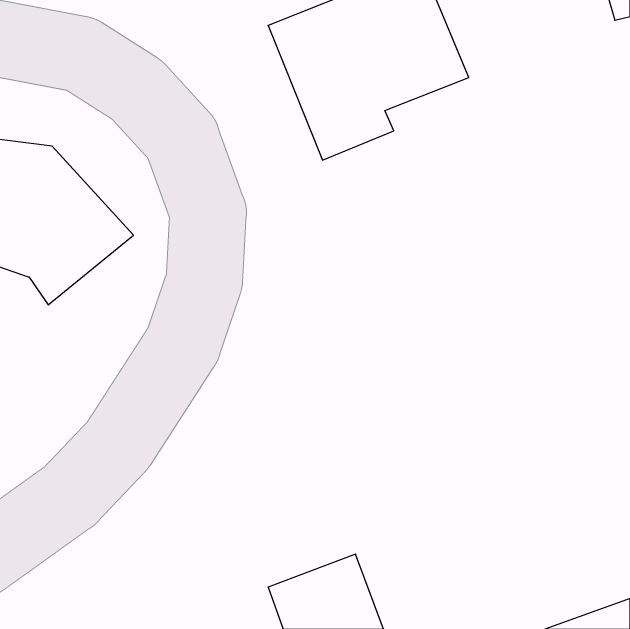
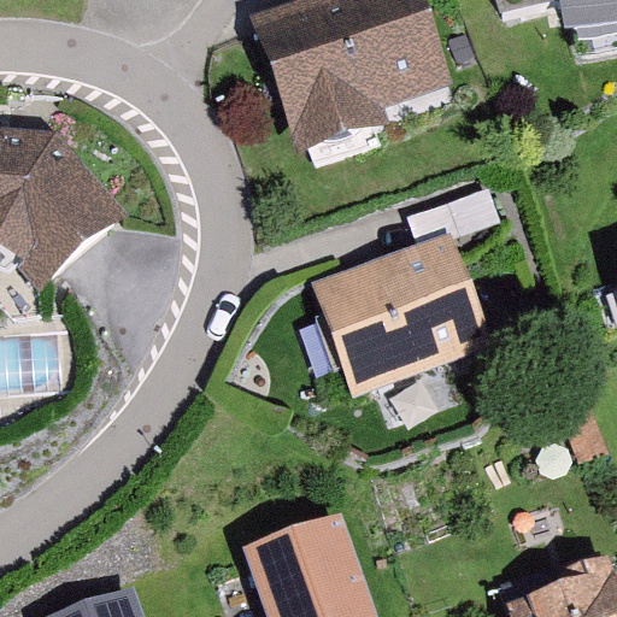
building: none -> [313,236,489,393]

